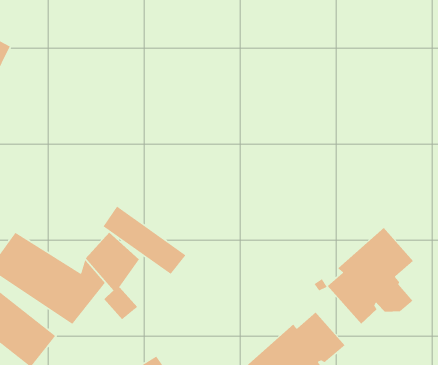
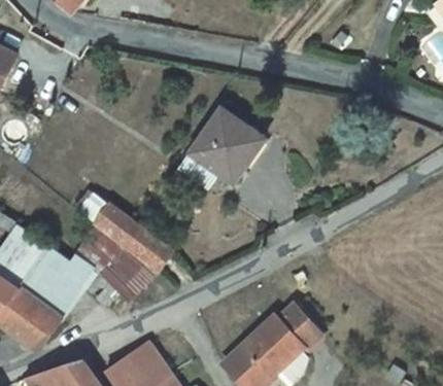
building: none -> [181,108,266,186]
building: [327,227,414,324] -> none
building: none -> [113,251,162,303]

